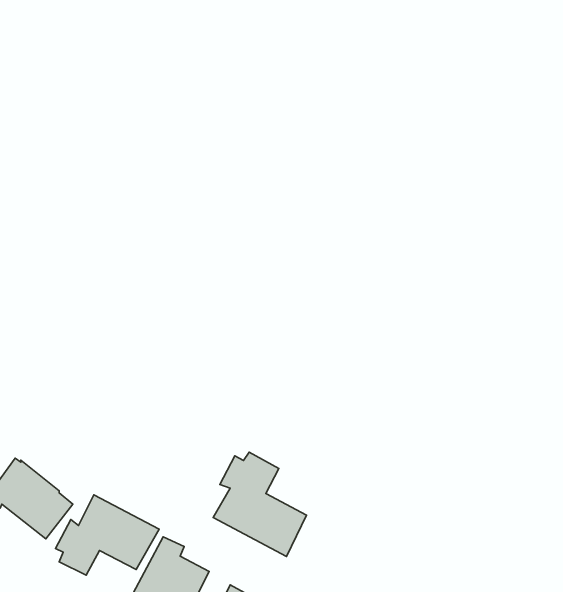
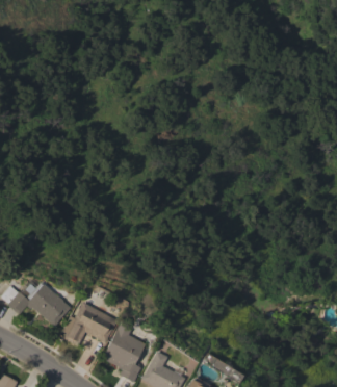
building: [213,452,306,556] -> none

